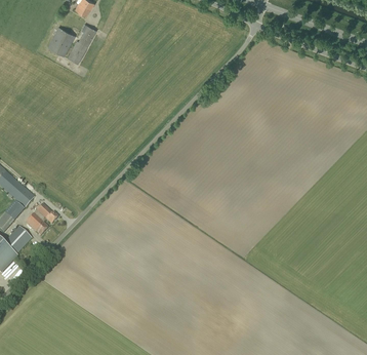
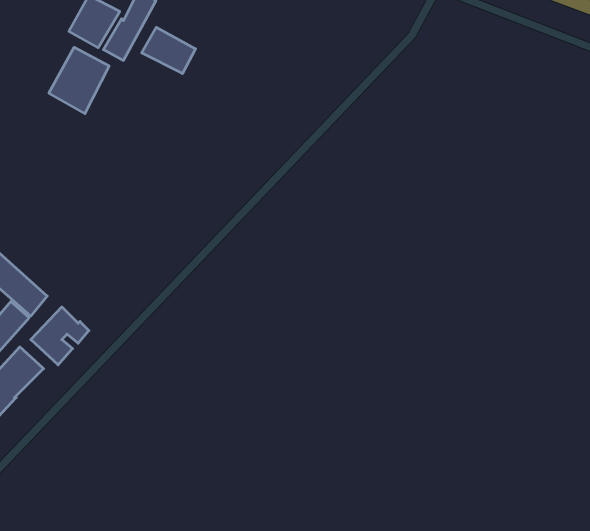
building: none -> [142,27,196,74]
building: none -> [49,47,109,114]

